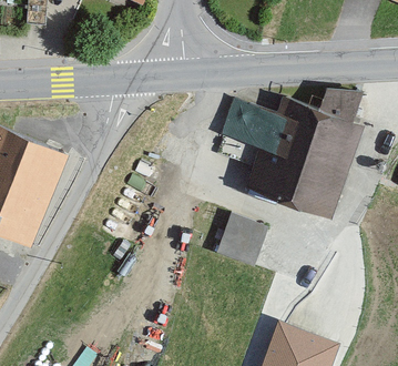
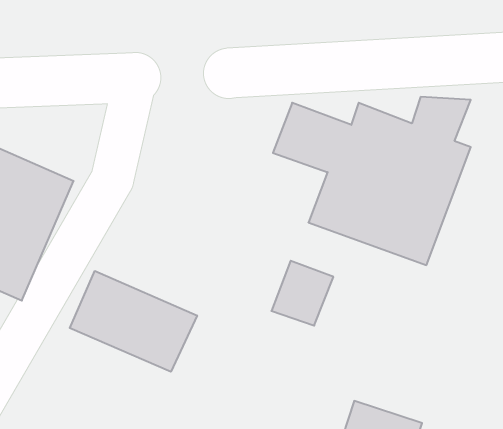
building: none -> [70,271,197,372]

